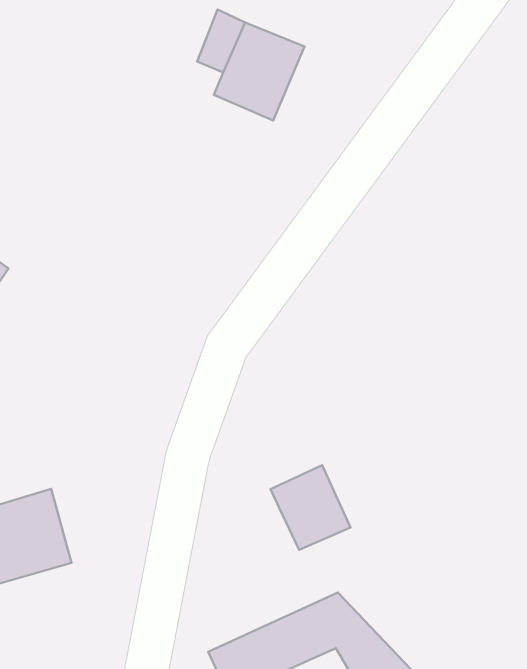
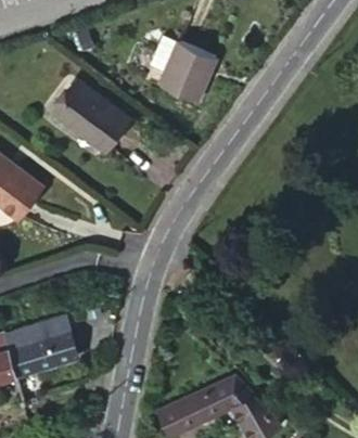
building: none -> [53,80,127,150]
building: [271,465,351,550] -> none

